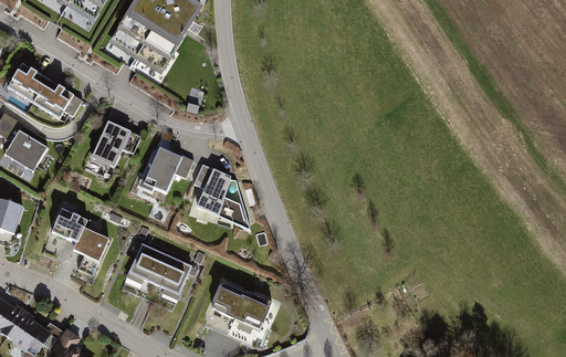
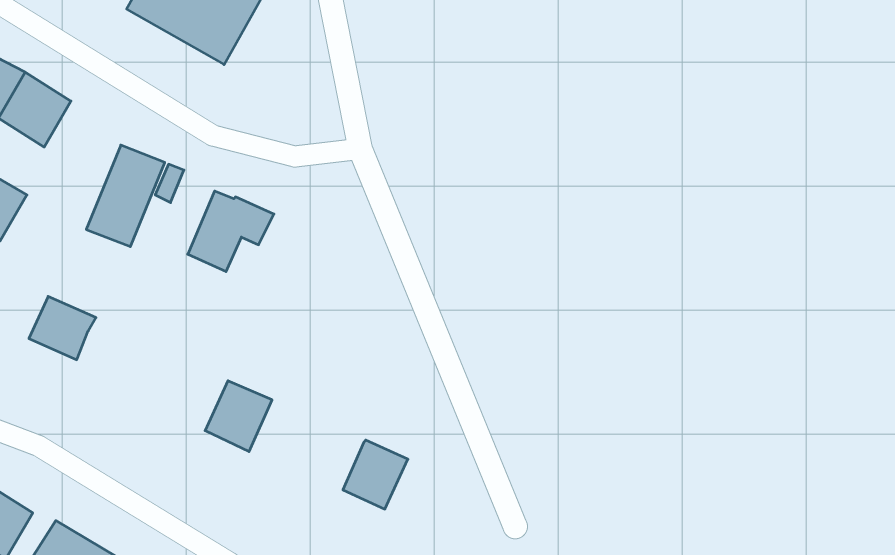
building: [192,162,249,228] -> none
building: [74,225,114,263] -> none
building: [127,242,166,283] -> none
building: [211,280,244,317] -> none

